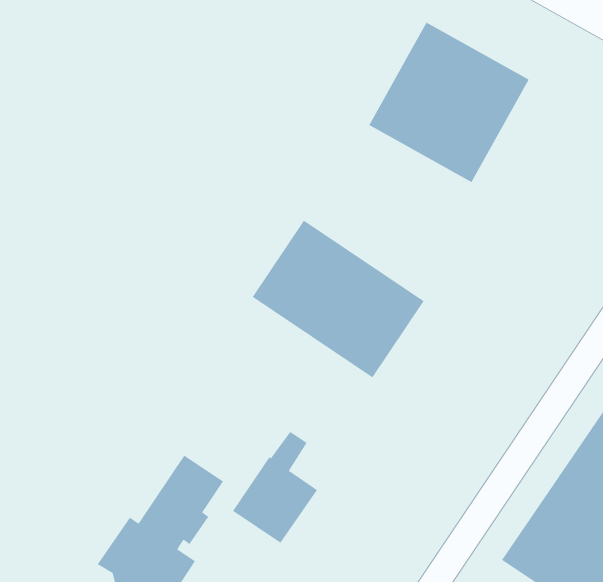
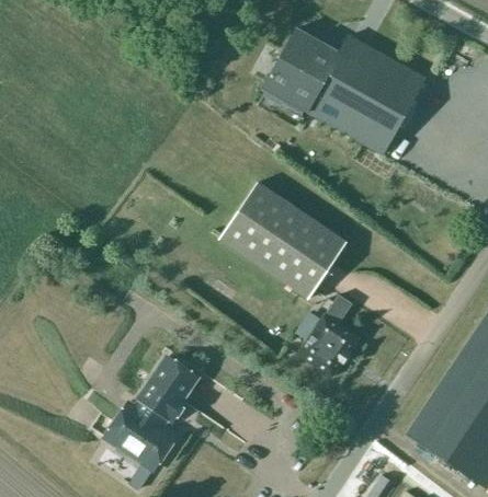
building: none -> [264,28,340,112]
building: [232,431,318,543] -> [296,293,360,377]

